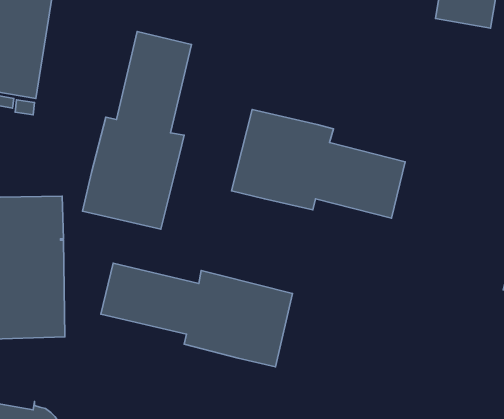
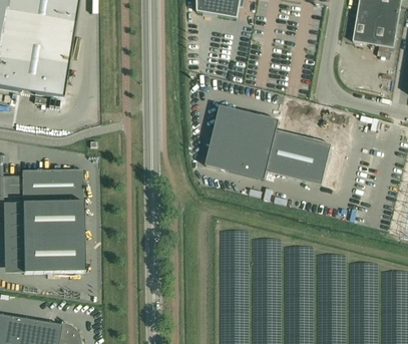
building: [82,31,191,229] -> none
building: [101,263,292,367] -> none

